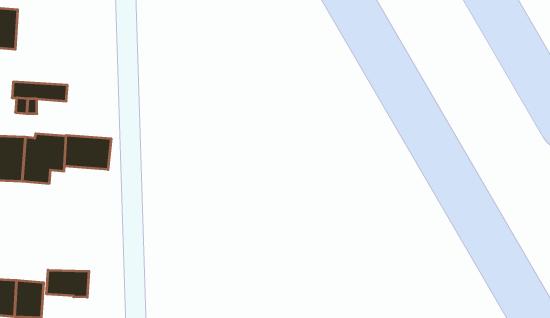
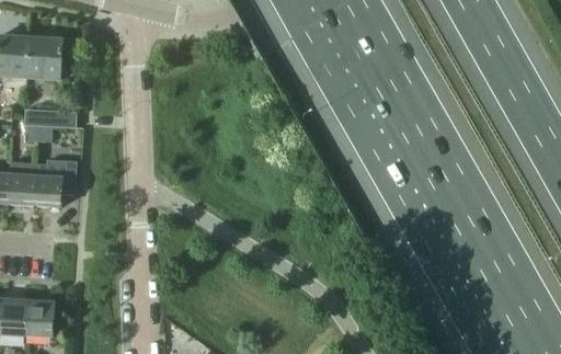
building: none -> [26,37,61,78]
building: [65,135,111,170] -> none
building: [47,270,89,297] -> none

